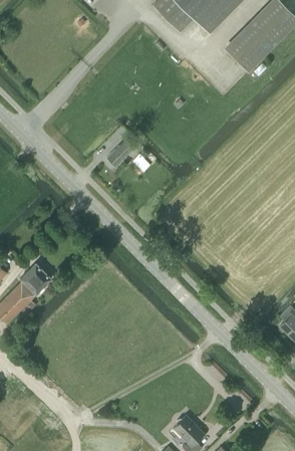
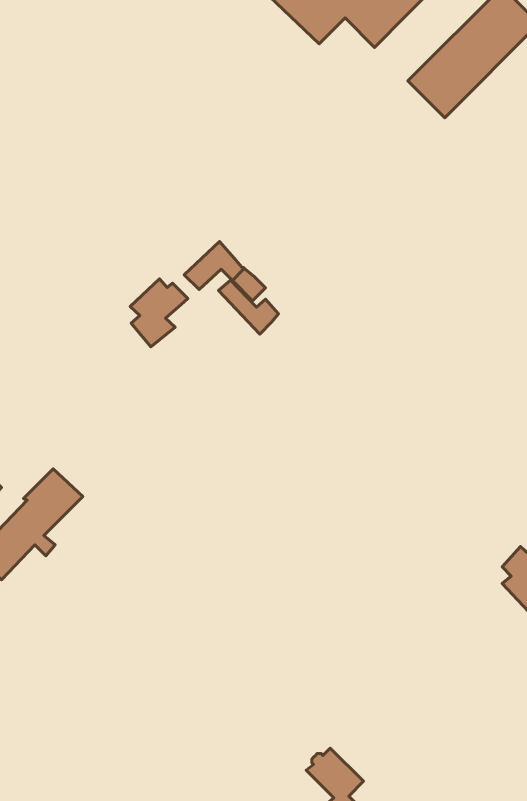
building: none -> [130,279,188,347]
building: none -> [218,280,279,334]

